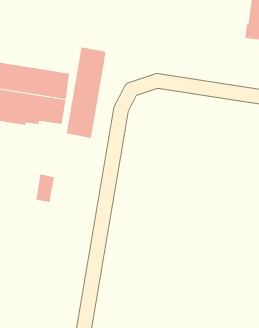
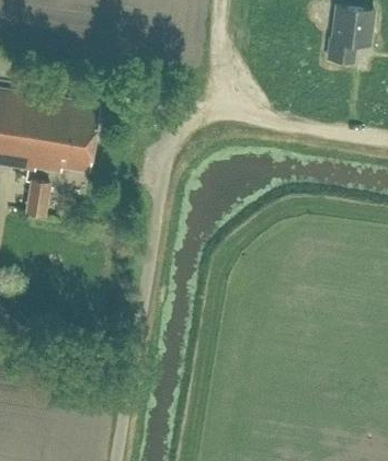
building: [66,47,106,139] -> none
building: [36,174,55,202] -> [26,178,52,216]

